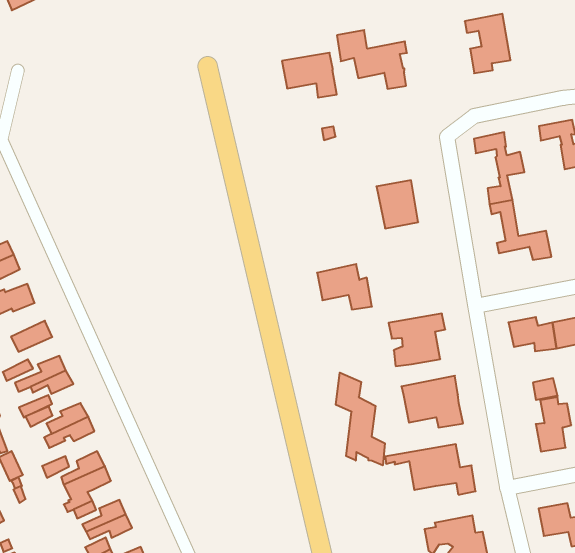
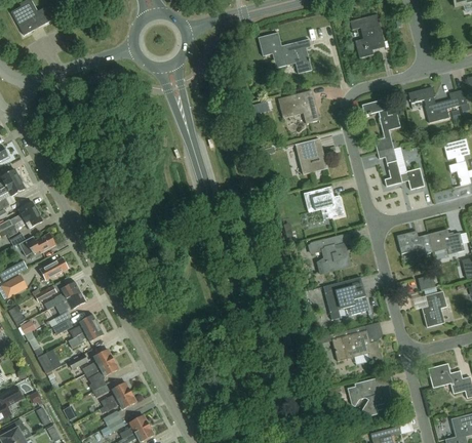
building: [282,53,337,98] -> [277,90,318,123]
building: [317,264,372,309] -> [303,186,344,218]
building: [336,373,385,465] -> none

